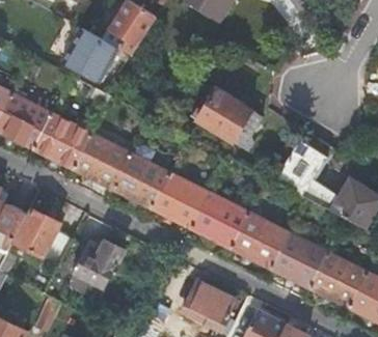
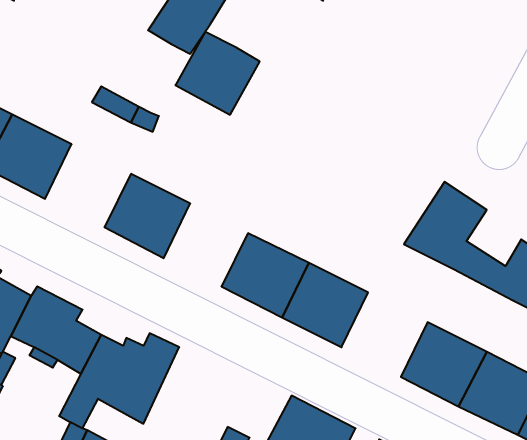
building: [62,28,118,83] -> [175,32,260,115]
building: [197,88,253,142] -> none
building: [34,114,91,169] -> none
building: [113,146,169,208] -> none
building: [232,213,289,269] -> none

